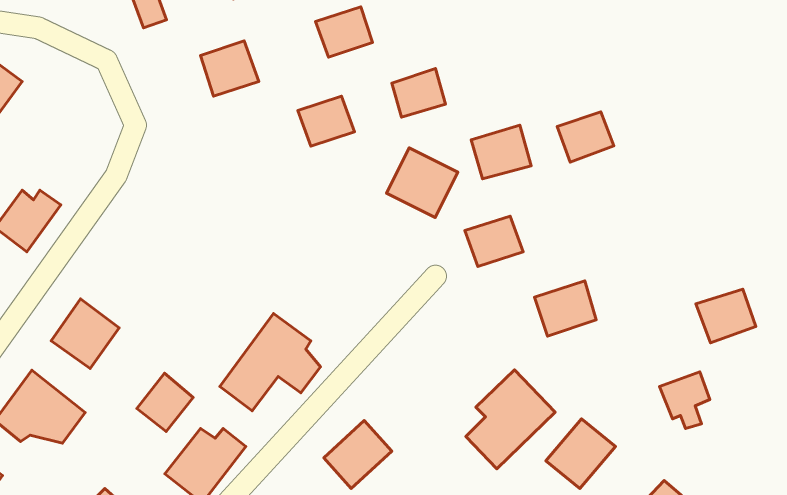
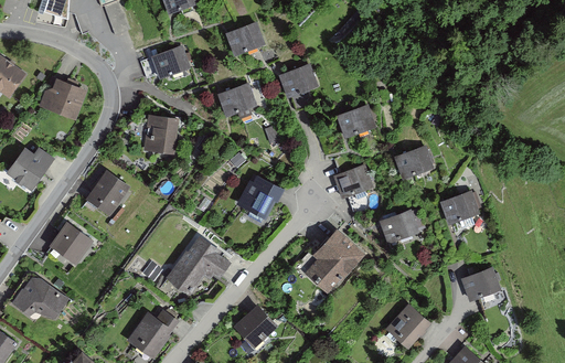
building: none -> [39,77,87,121]
building: [557,112,614,162] -> [394,146,433,180]
building: none -> [142,113,177,154]
building: [386,148,458,218] -> [237,172,286,220]
building: none -> [83,169,131,217]
building: [696,289,756,343] -> [439,189,480,225]
building: [466,370,555,469] -> [305,227,365,295]
building: [137,373,193,432] -> none

